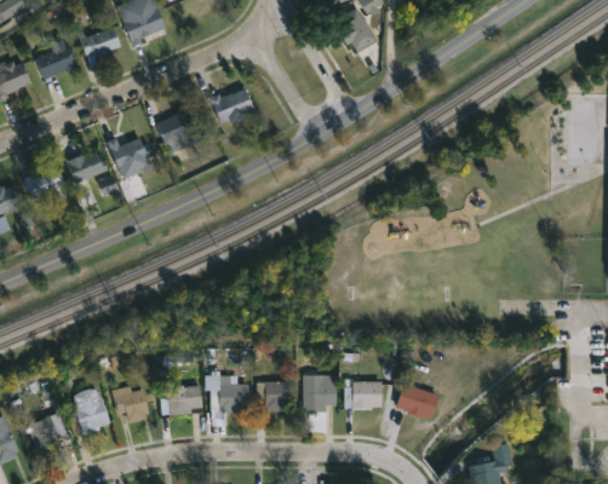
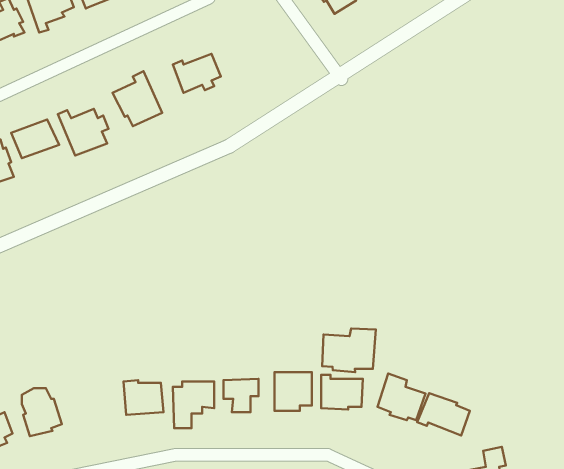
building: none -> [322,329,376,372]
building: [111,385,150,424] -> none
building: none -> [417,393,470,436]

